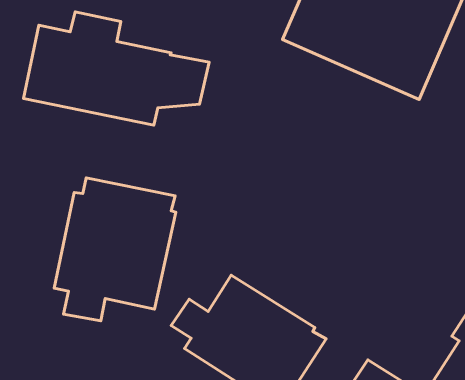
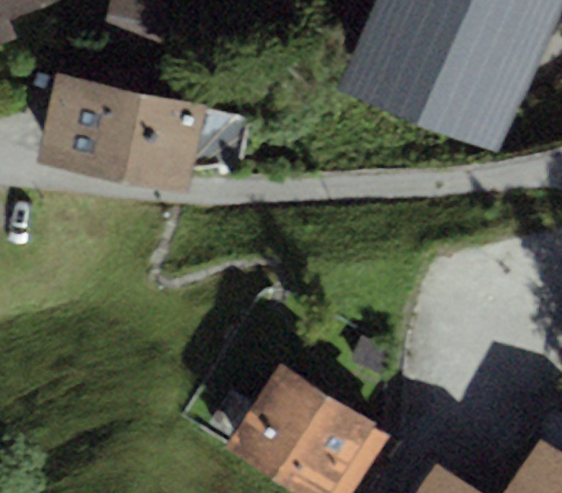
building: [54,178,176,321] -> none

